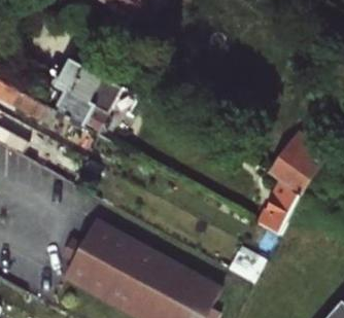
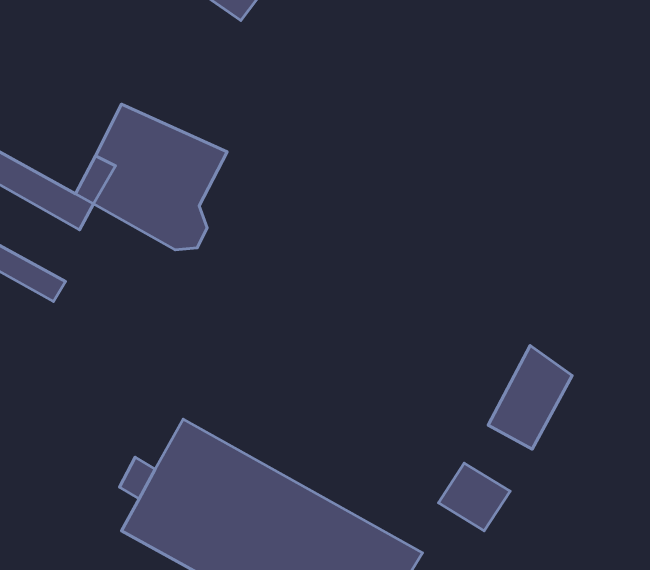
building: [269,139,325,198] -> none

